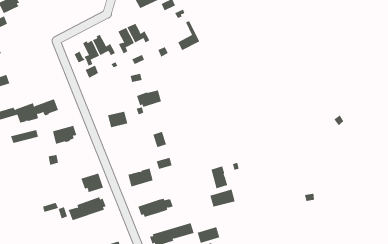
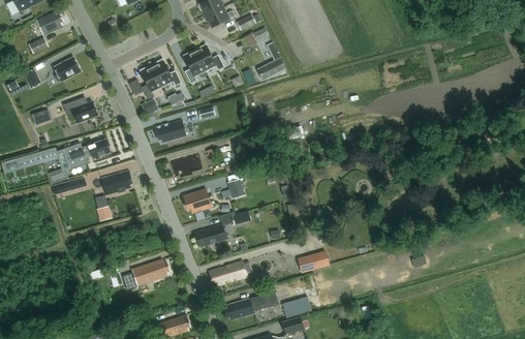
building: none -> [54,56,81,81]
building: none -> [63,99,97,122]
building: [136,90,162,108] -> [154,119,186,141]
building: [211,166,228,189] -> none
building: [80,173,104,193] -> [183,188,212,213]

